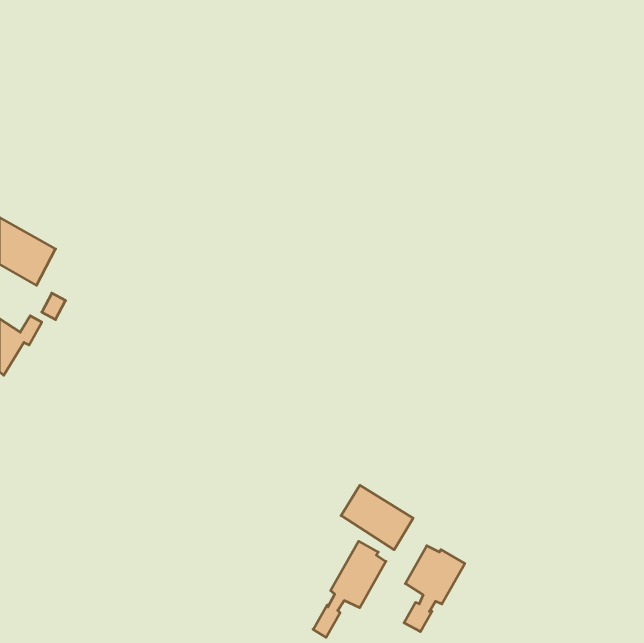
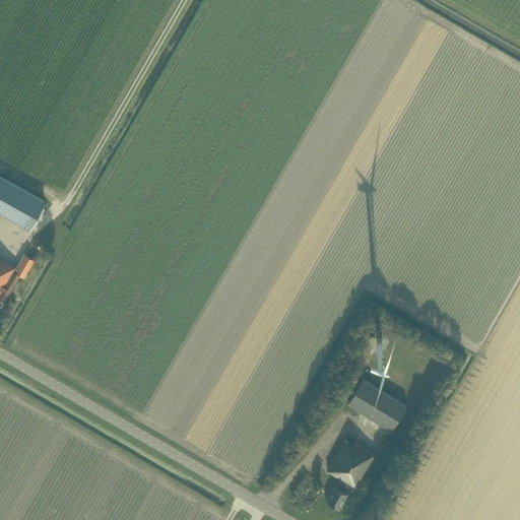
building: [341,485,413,550] -> [347,380,405,432]
building: [313,541,386,637] -> none

